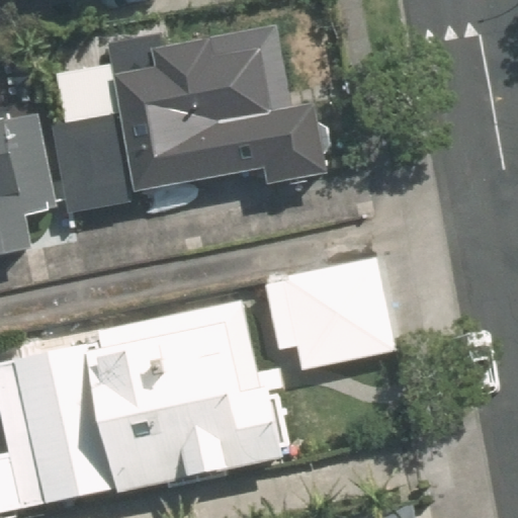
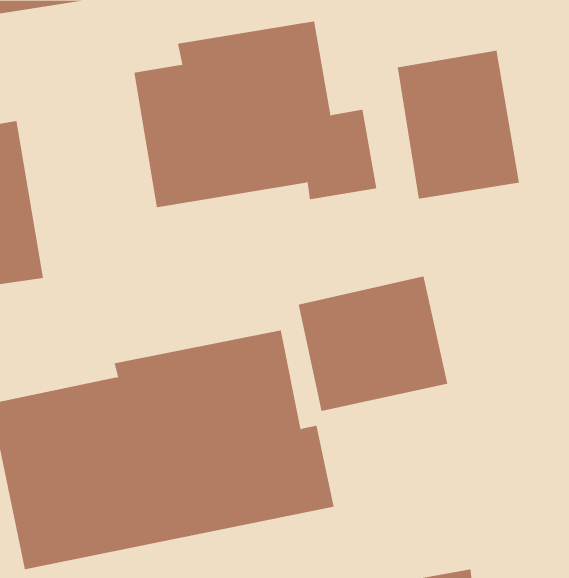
building: none -> [397,50,519,199]
building: [48,115,136,217] -> none

